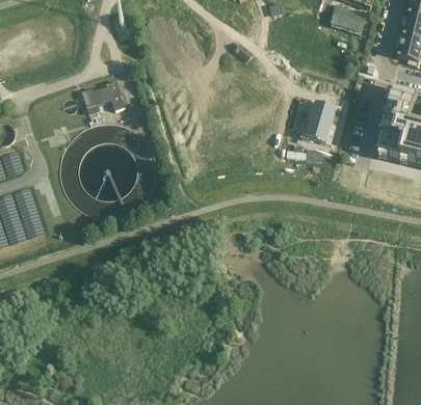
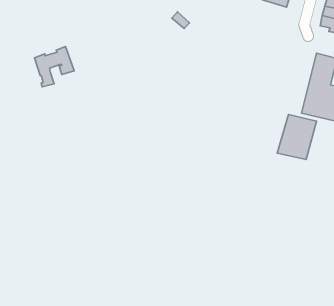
building: [299,99,343,148] -> [277,115,317,160]

